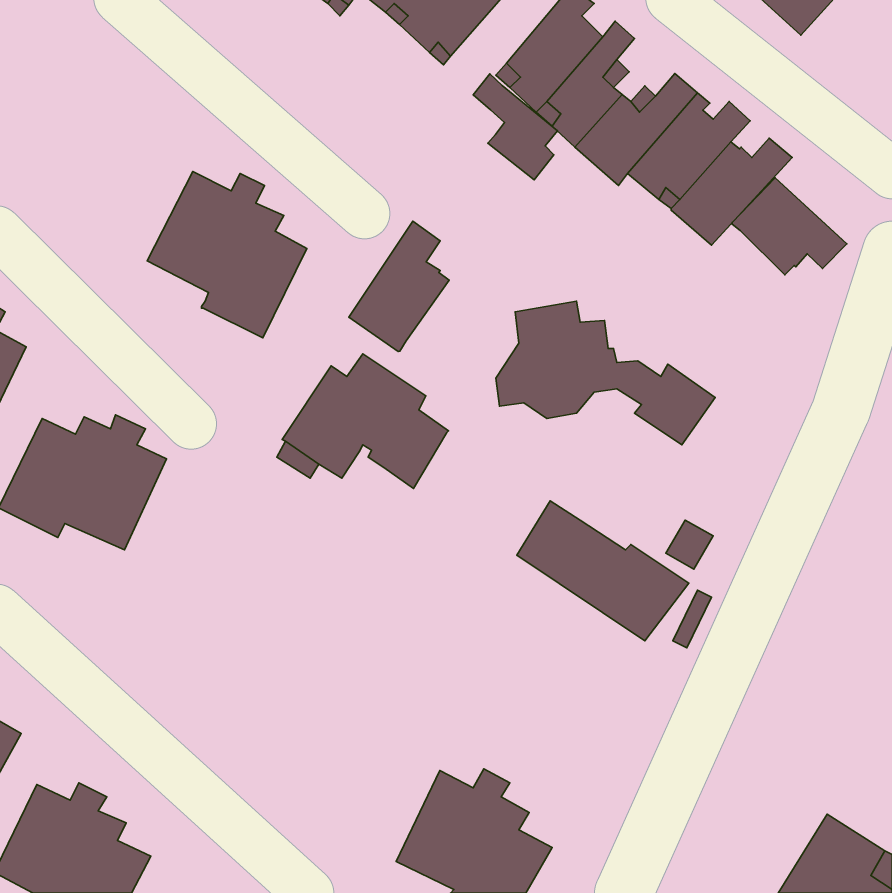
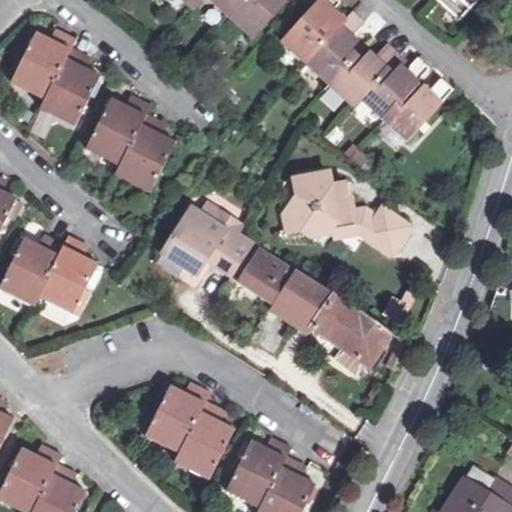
building: none -> [9,31,100,127]
building: [473,74,557,180] -> none
building: [732,178,847,275] -> none
building: [349,221,449,352] -> none
building: none -> [236,247,314,317]
building: none -> [144,385,233,479]

